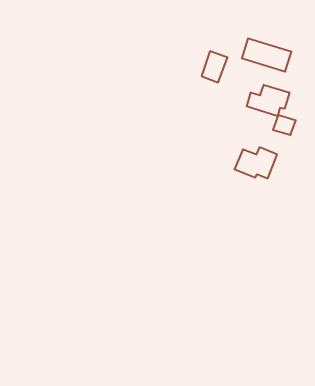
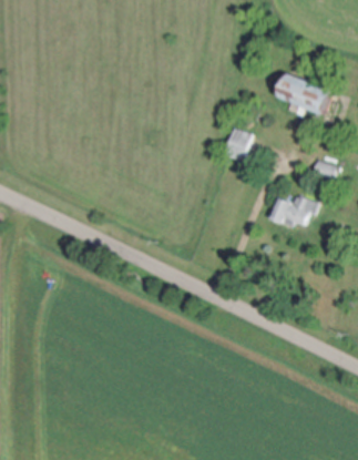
building: [202,51,228,82] -> [224,127,252,161]
building: [247,85,289,116] -> none

